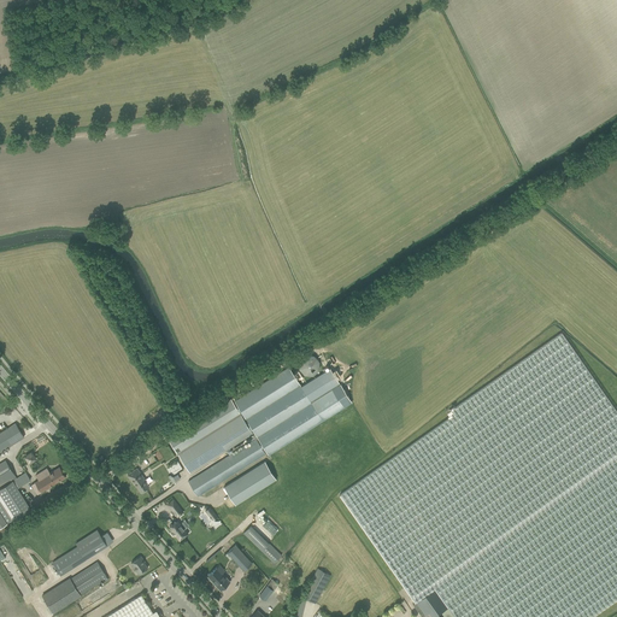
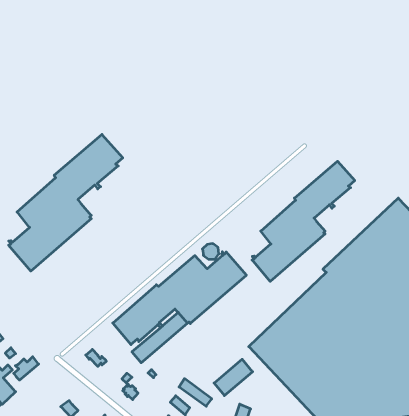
building: none -> [9,134,123,271]
building: none -> [252,161,355,281]
building: [225,462,277,505] -> [214,359,253,396]

